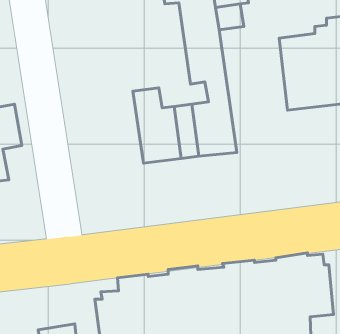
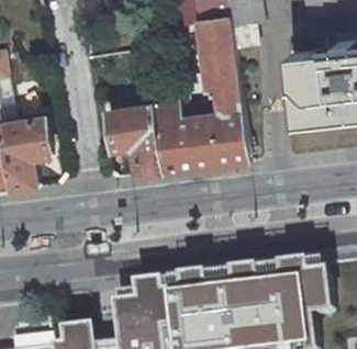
building: none -> [110,81,165,173]

